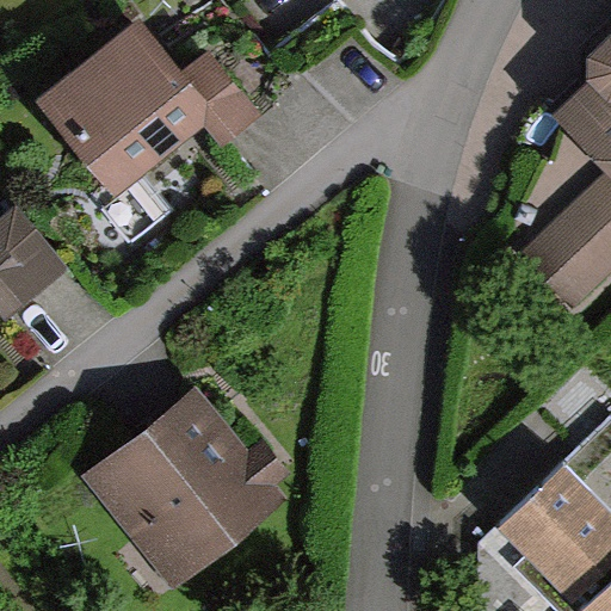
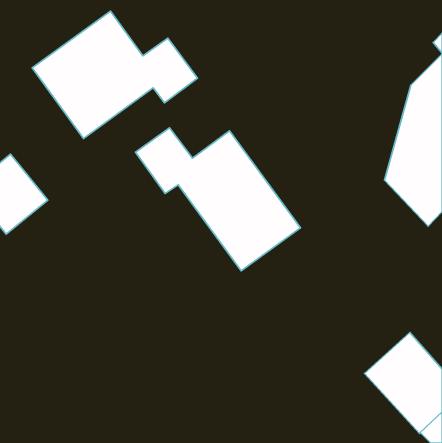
building: none -> [135,128,301,271]
building: [81,388,290,599] -> none

